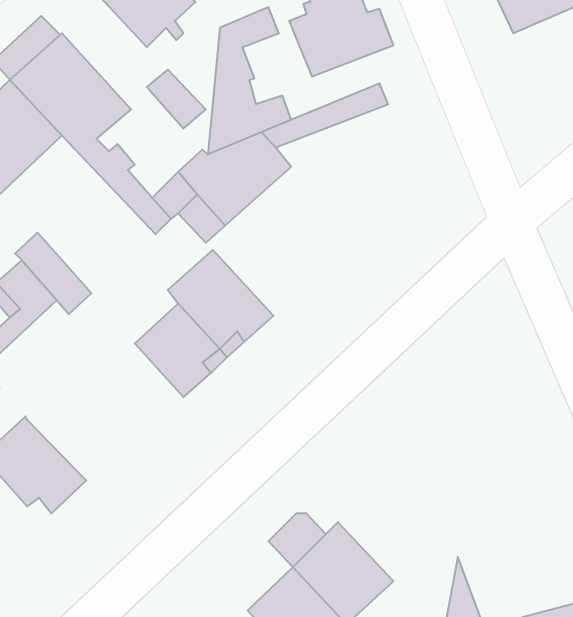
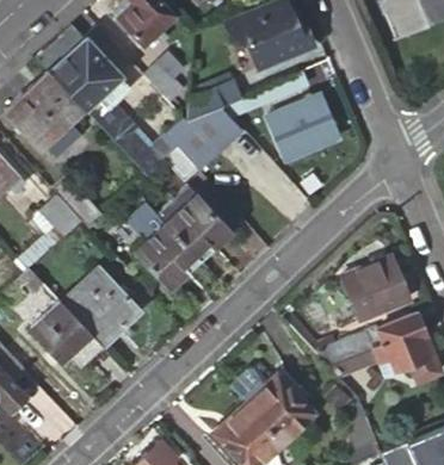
building: none -> [267,95,341,160]
building: none -> [339,256,408,323]
building: none -> [62,267,140,345]
building: none -> [314,314,432,371]

